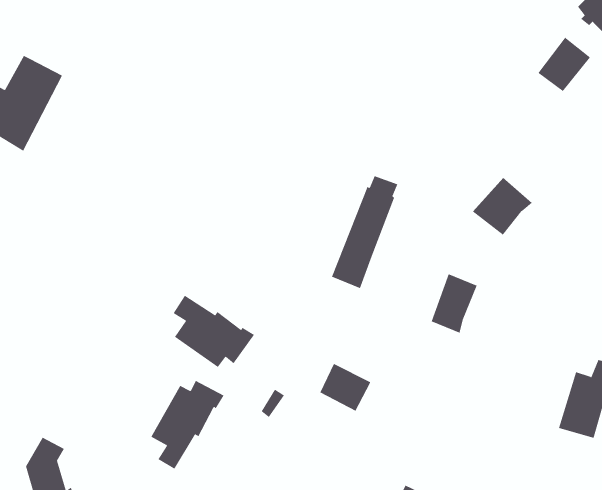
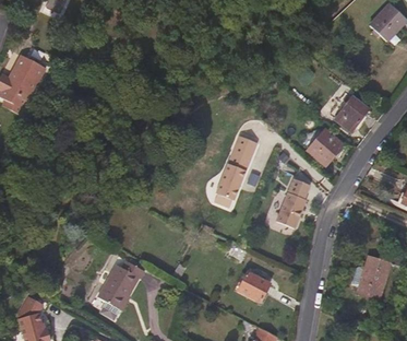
building: [537,37,591,92] -> [332,98,366,133]
building: [173,295,255,368] -> none
building: [320,363,371,411] -> [236,273,268,304]

